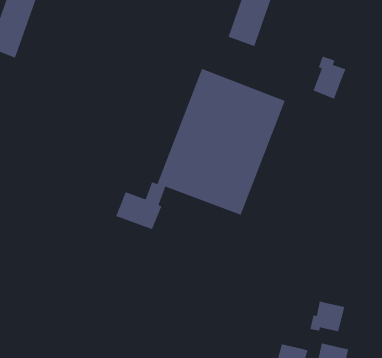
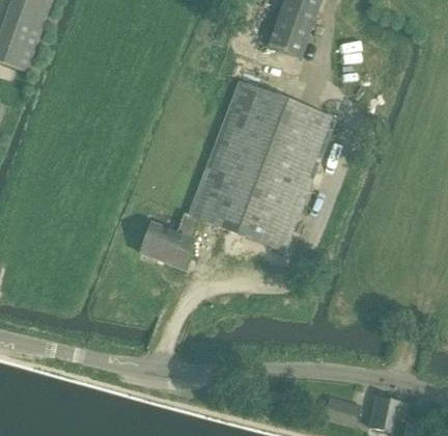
building: [312,55,346,100] -> none
building: [310,301,345,332] -> none

